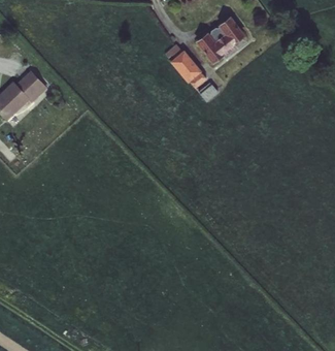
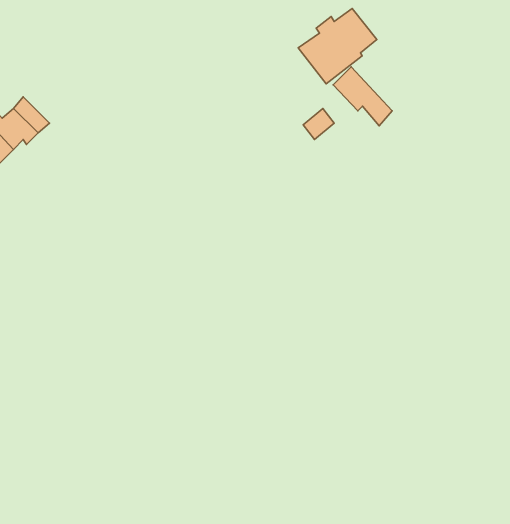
building: [171,52,208,89] -> [333,67,392,126]

